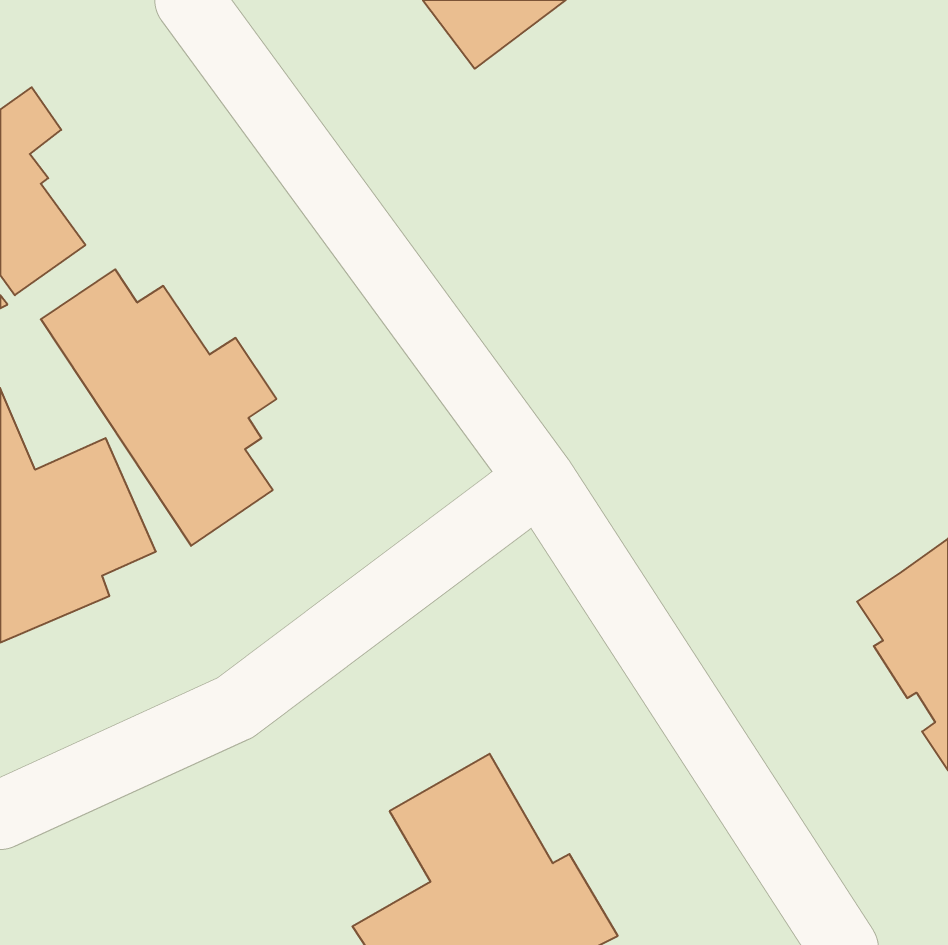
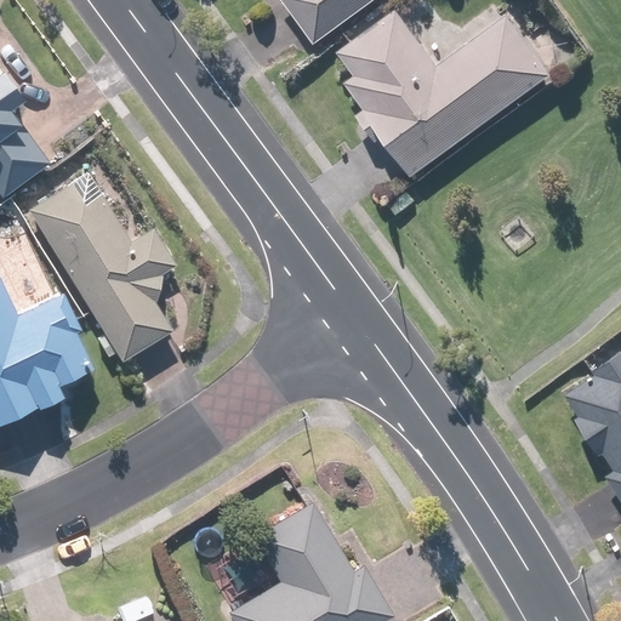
building: none -> [335,15,545,181]

